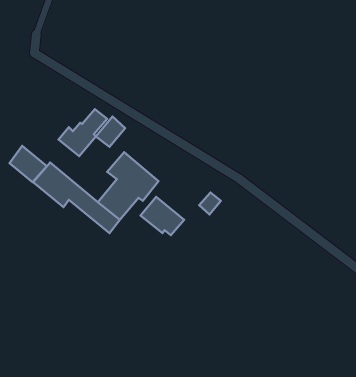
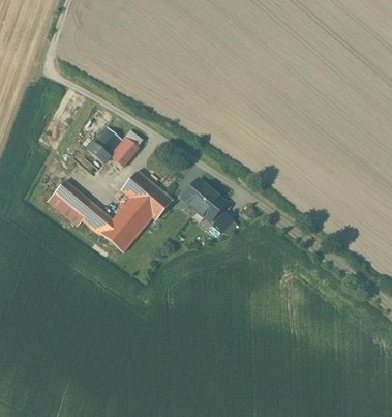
building: [9,146,47,182] -> none
building: [140,197,184,235] -> [182,178,225,216]

